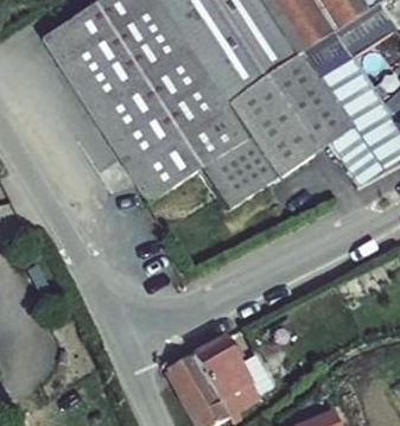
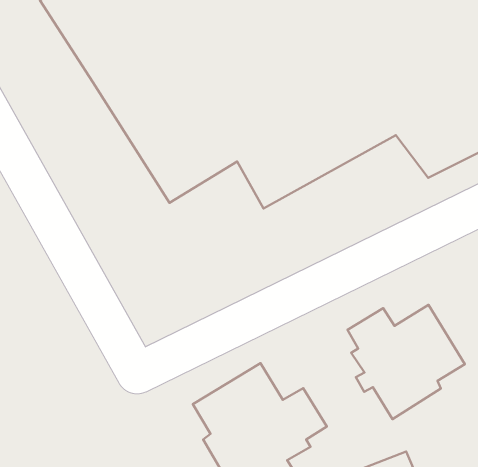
building: none -> [347,305,465,419]

